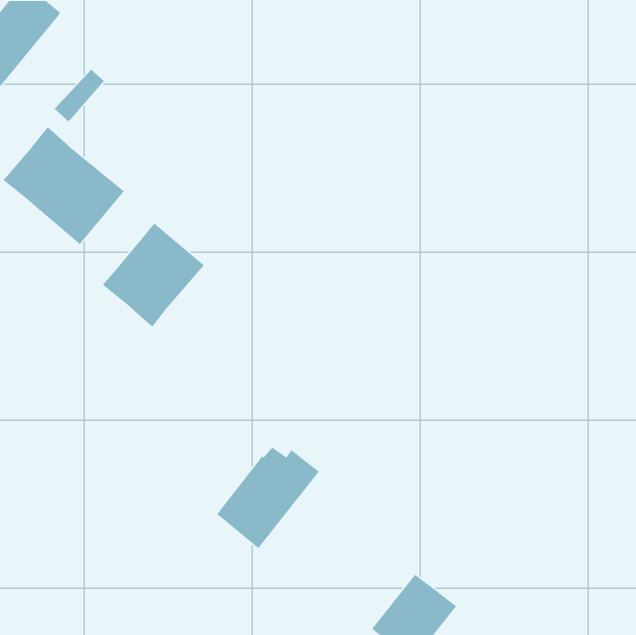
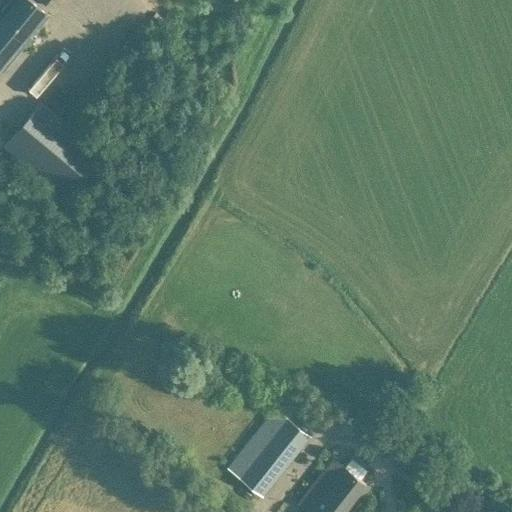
building: [102,223,205,327] -> none
building: [216,447,320,549] -> [226,416,309,498]

